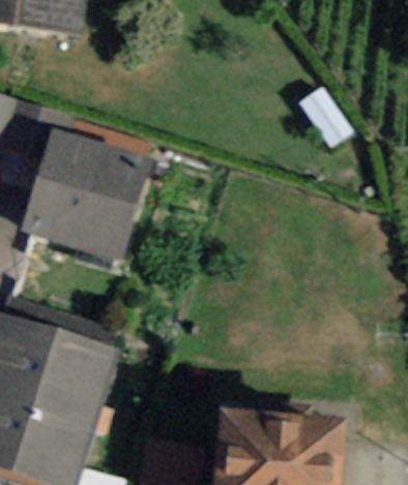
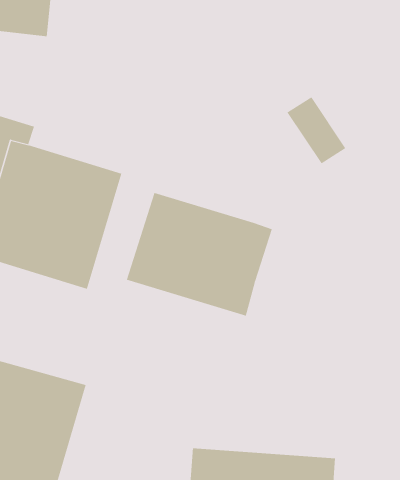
building: none -> [126,192,273,317]

